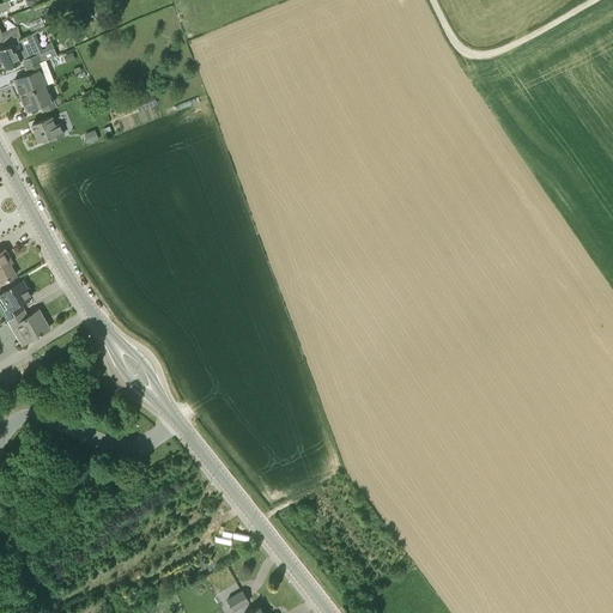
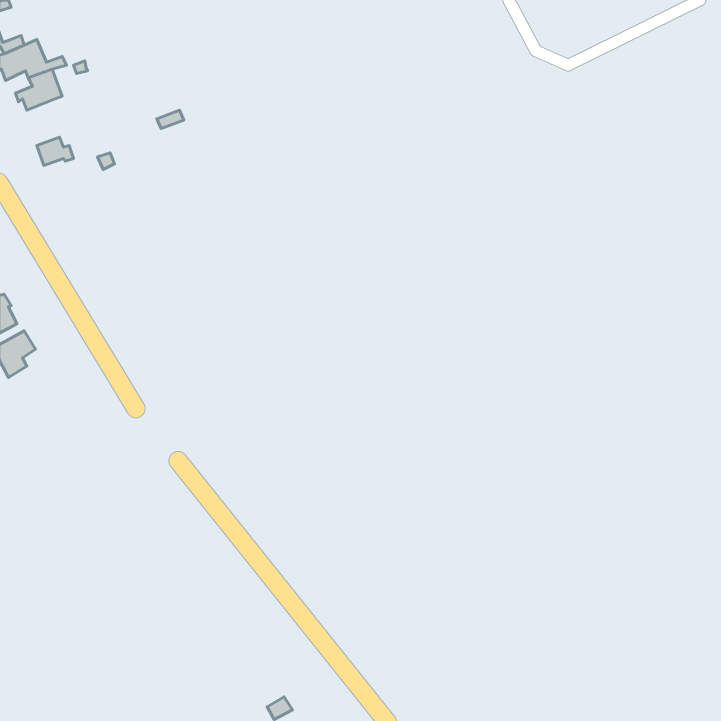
building: [23,86,55,113] -> none
building: [7,310,49,345] -> none

